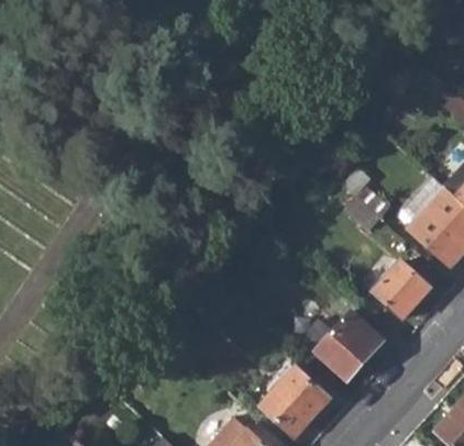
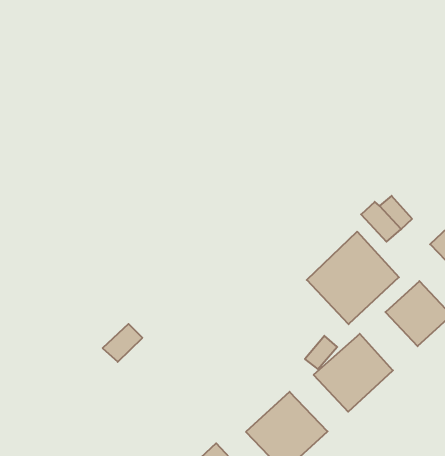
building: none -> [307,232,399,324]

